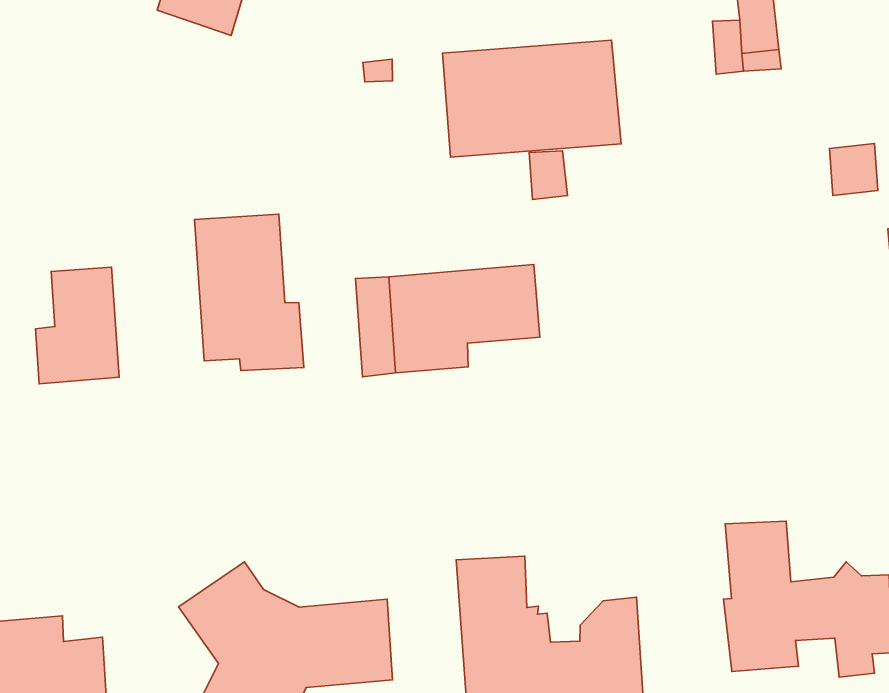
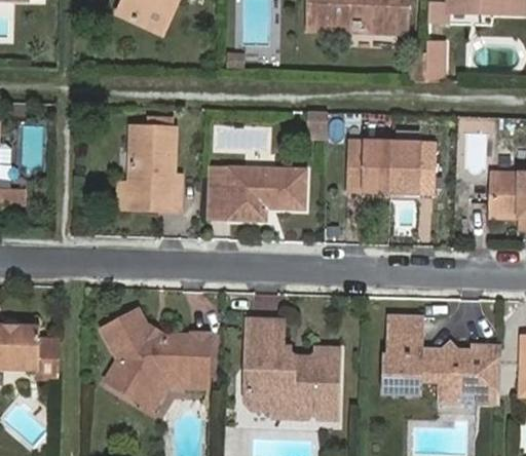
building: [443,40,621,157] -> [346,139,437,196]
building: [35,267,119,384] -> none

